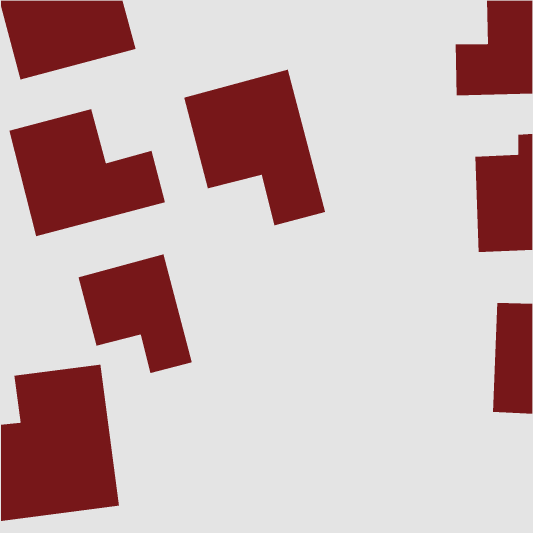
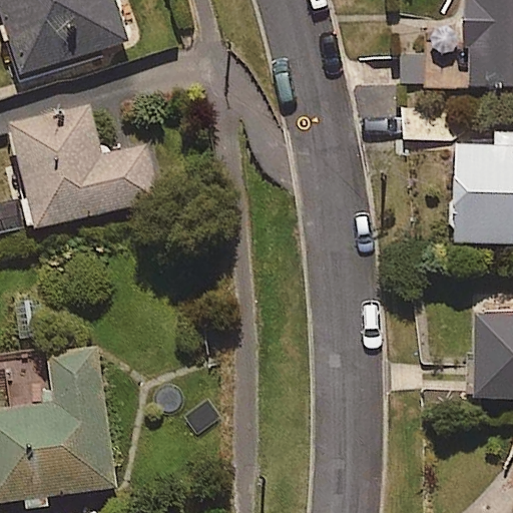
building: [183,69,326,226] -> none
building: [78,253,193,374] -> none

